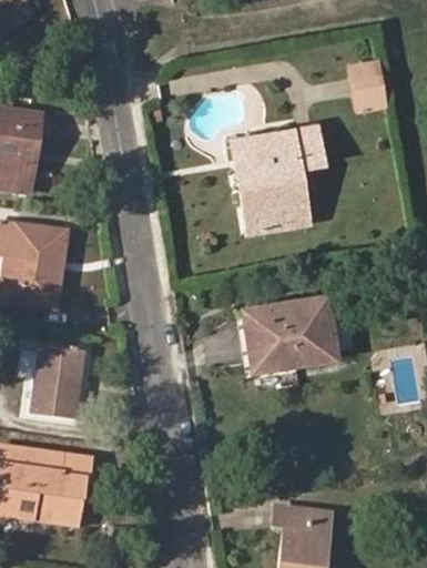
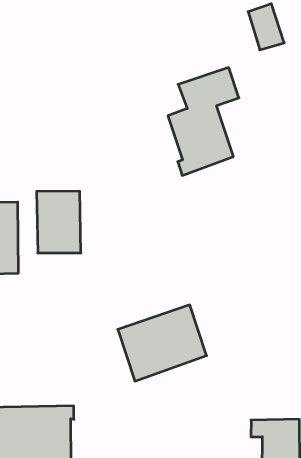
building: [234,133,266,216] -> none
building: [245,295,336,367] -> [118,305,207,381]
building: [30,344,87,418] -> [37,191,81,253]

